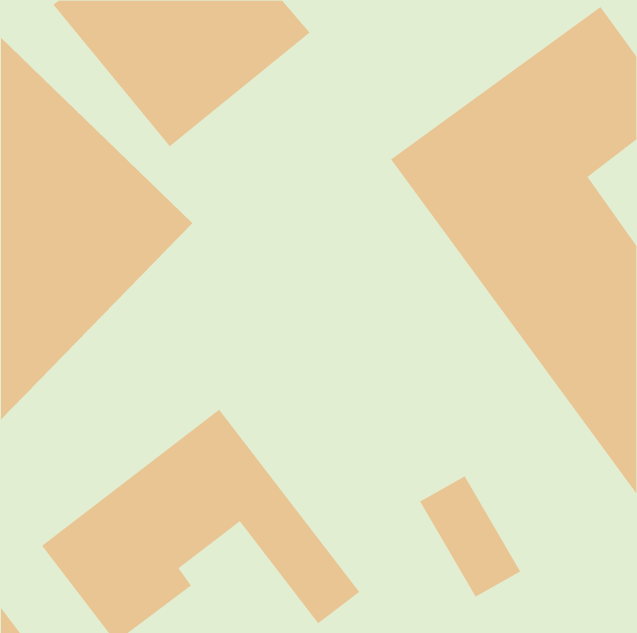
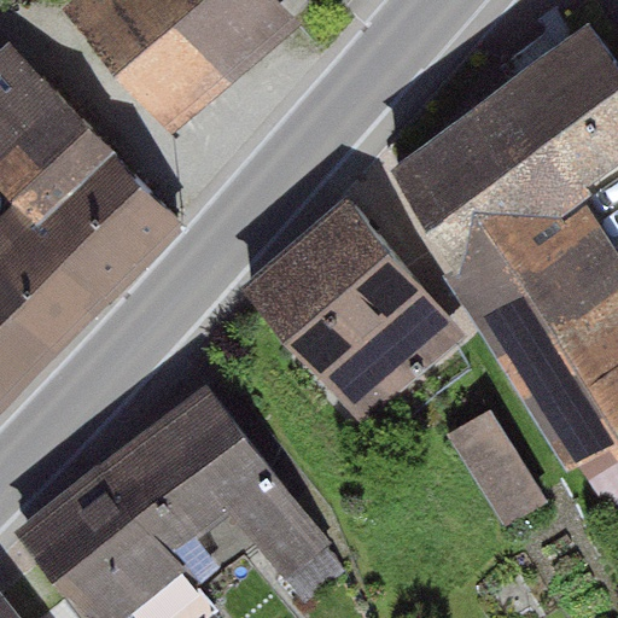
building: none -> [237,196,466,431]
building: [419,475,521,598] -> [456,400,555,518]

